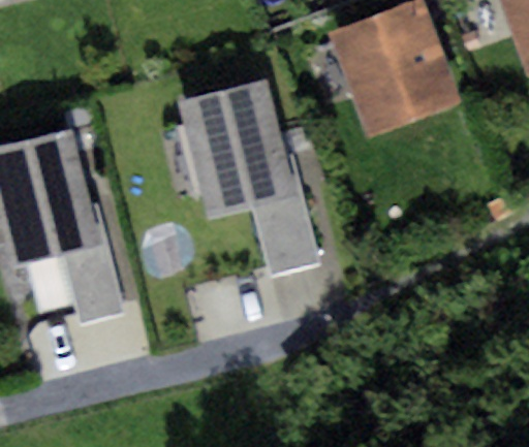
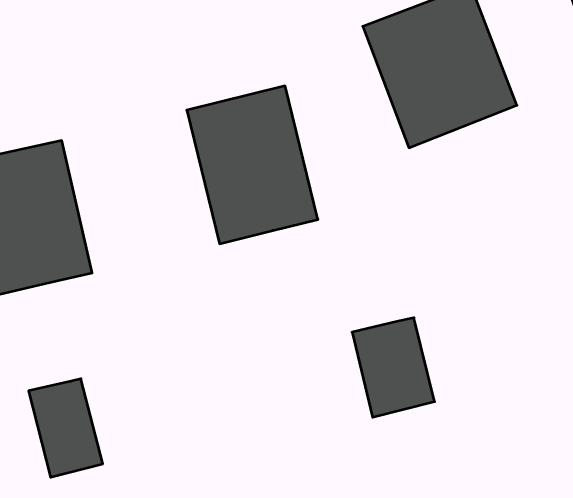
building: [252,192,322,277] -> [352,318,435,417]
building: [62,238,125,322] -> [29,379,103,477]

